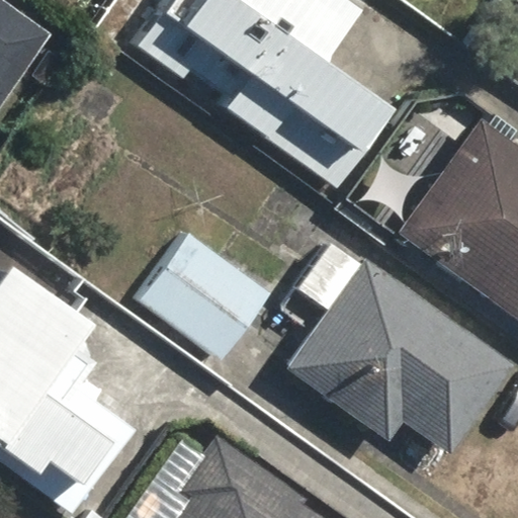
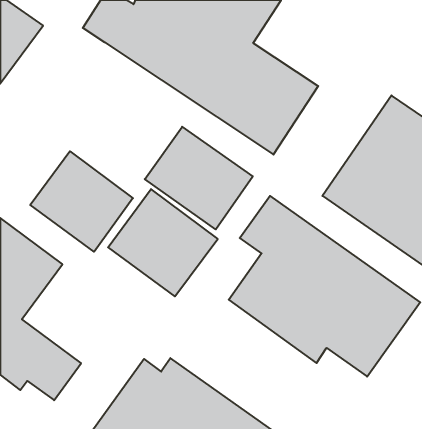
building: none -> [145,127,253,229]
building: none -> [30,151,133,252]

